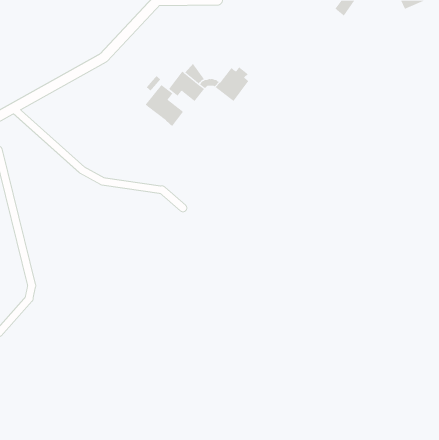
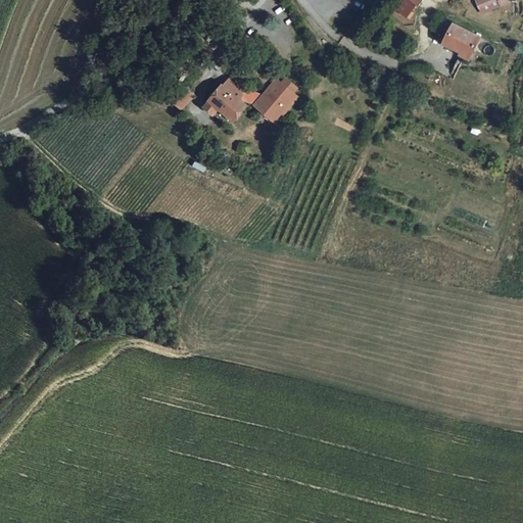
building: none -> [442,25,477,59]
building: [145,84,184,127] -> none

